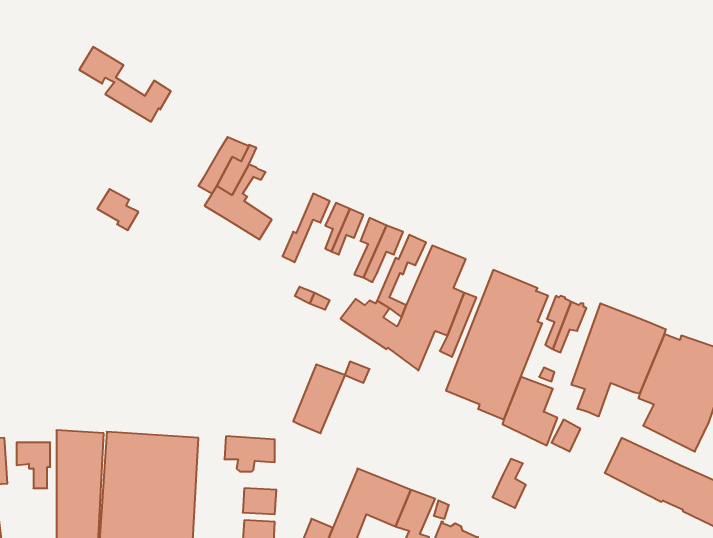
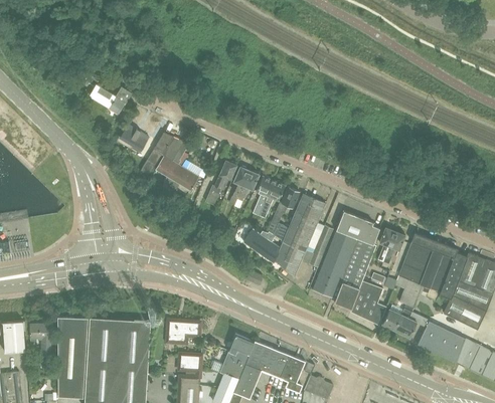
building: [97,189,138,230] -> [120,125,147,152]
building: [293,365,345,433] -> [220,335,255,380]
building: [492,459,526,508] -> [394,305,417,337]

